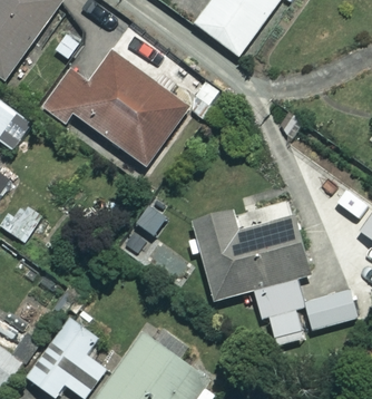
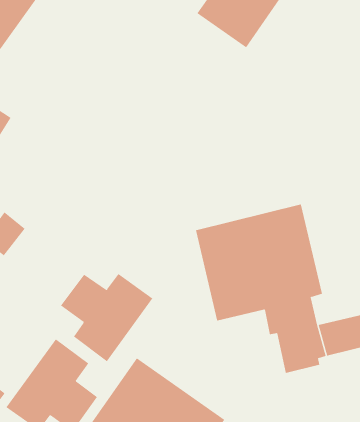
building: [46,53,190,167] -> none
building: none -> [60,273,153,362]

